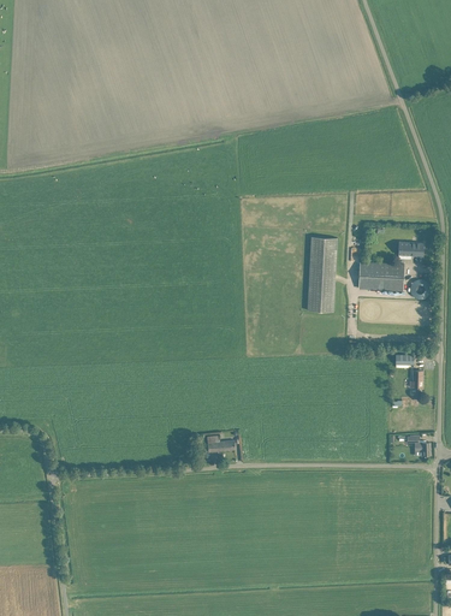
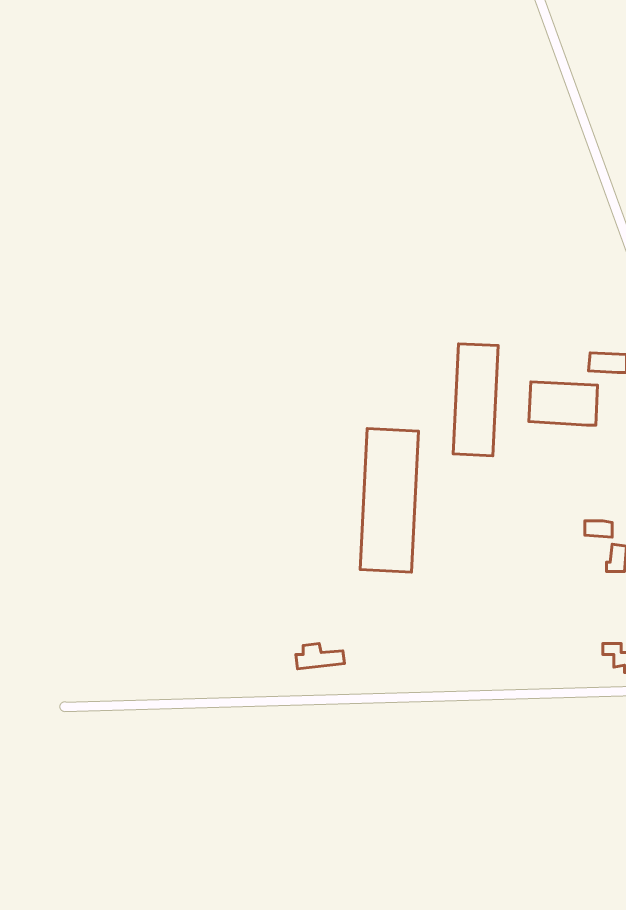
building: none -> [360,429,418,572]

